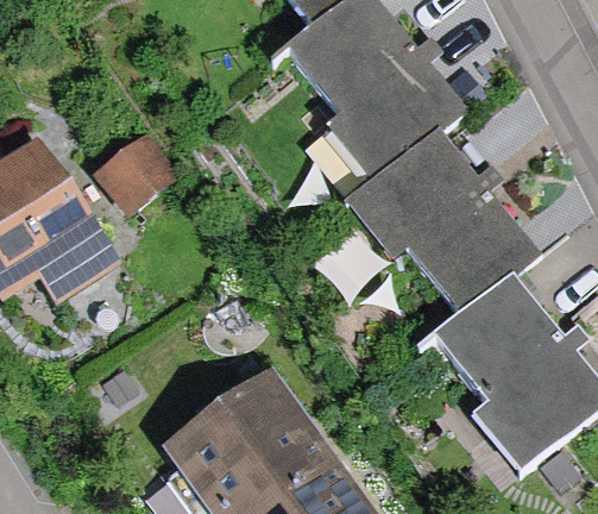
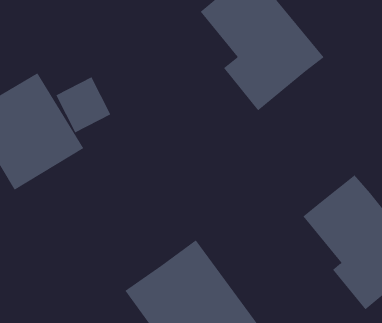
building: [339,131,531,313] -> none

